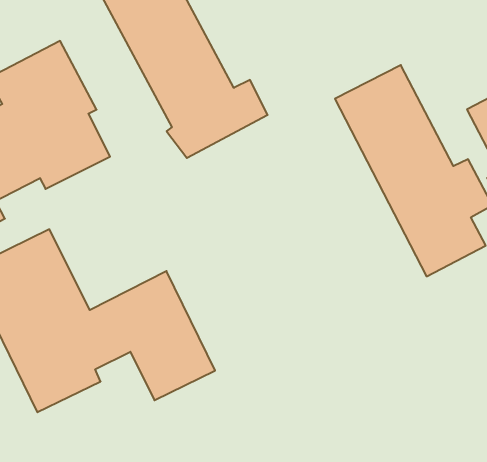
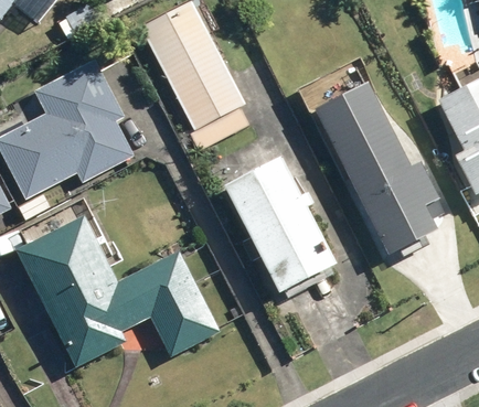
building: none -> [228,153,341,290]

